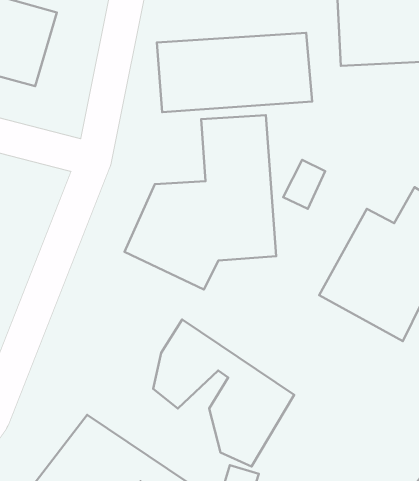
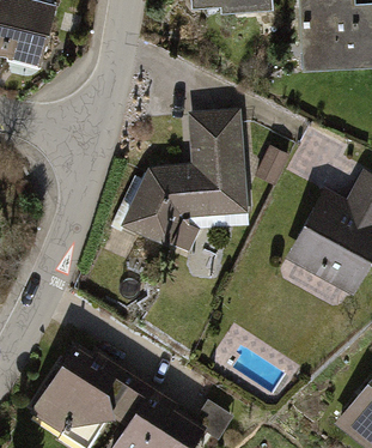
building: [157,33,312,112] -> none
building: [153,320,294,467] -> none

